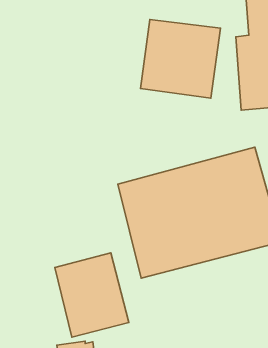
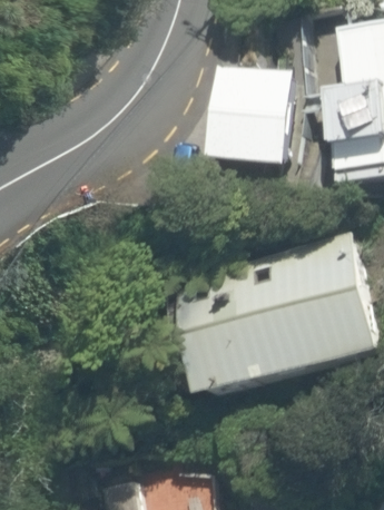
building: [55,253,129,337] -> none

